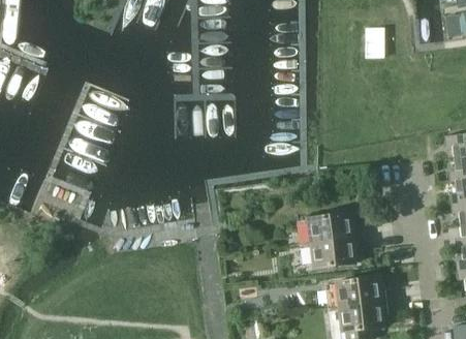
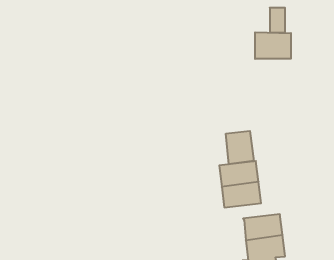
building: none -> [255,32,291,59]
building: none -> [226,131,254,164]

